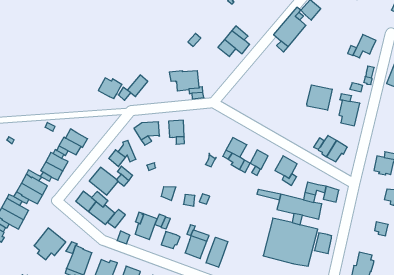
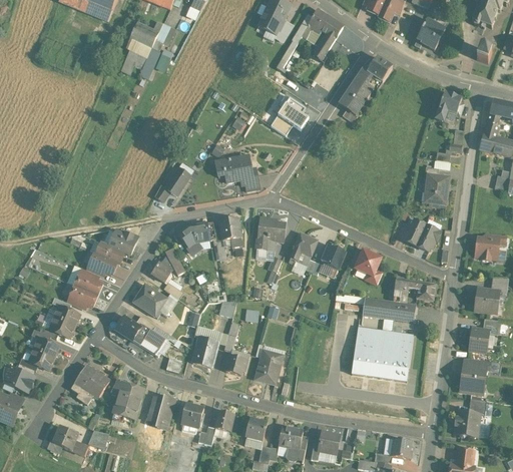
building: [98,78,122,99] -> [109,229,137,254]
building: [307,85,332,110] -> none
building: none -> [256,216,286,249]
building: none -> [475,288,499,313]
building: [314,233,332,254] -> [469,328,488,352]
building: [206,237,228,267] -> none

